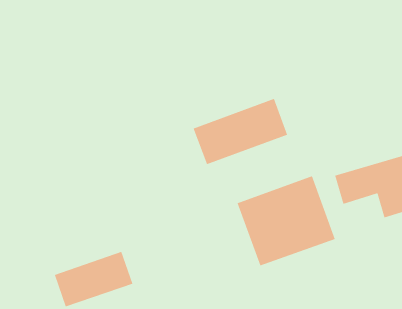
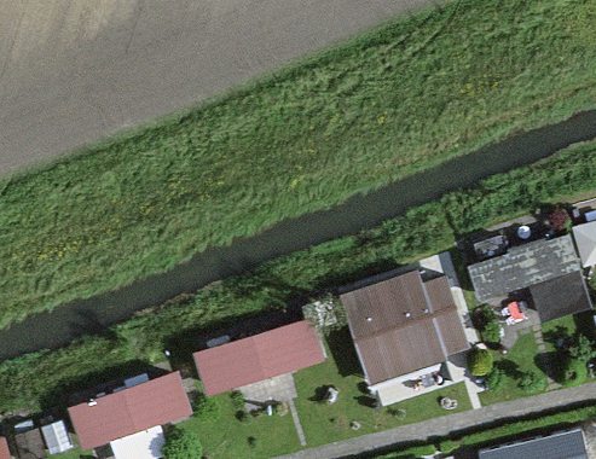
building: [193,98,288,165] -> none
building: none -> [192,306,326,394]

